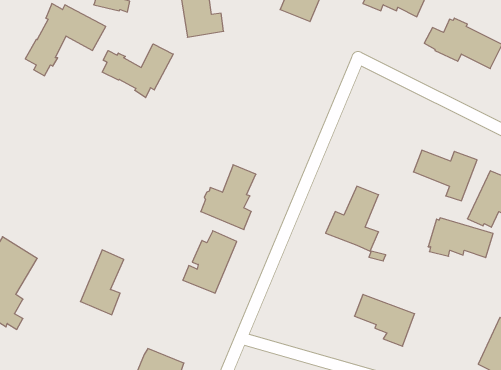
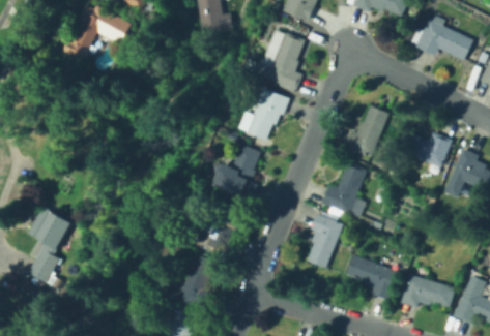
building: none -> [254,32,305,91]
building: [102,44,173,98] -> none
building: none -> [246,88,290,141]
building: none -> [345,104,390,156]
building: [428,218,493,258] -> [399,274,455,308]
building: none -> [307,211,343,268]
building: [80,250,124,315] -> [178,254,215,310]

